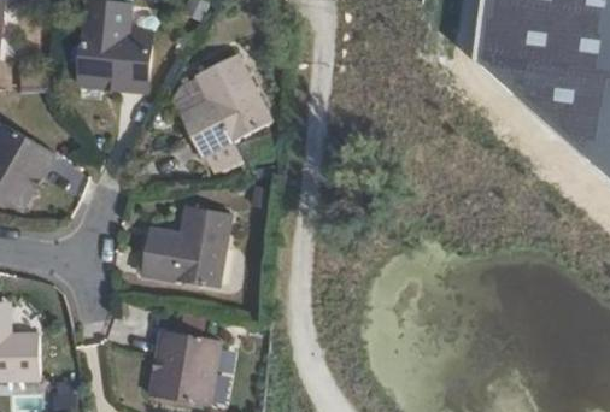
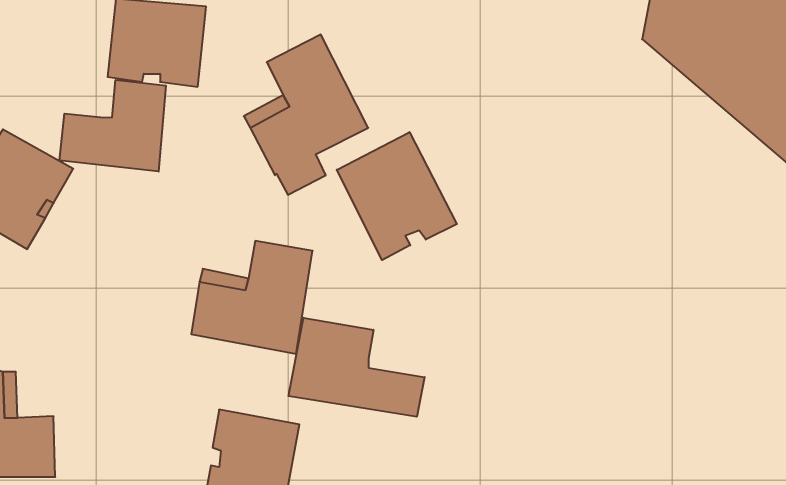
building: none -> [60,80,166,172]
building: none -> [337,132,457,260]
building: none -> [289,318,425,417]

